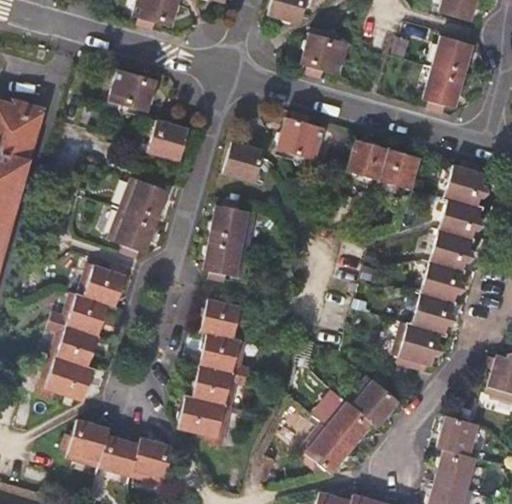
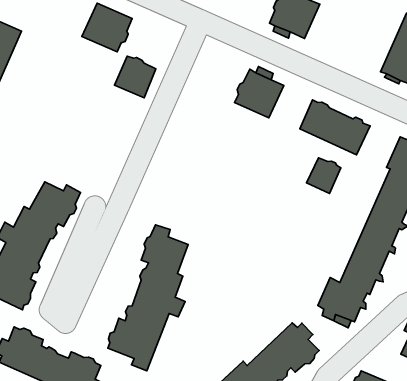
building: [223,141,264,182] -> none
building: [107,176,169,258] -> none
building: none -> [306,158,341,194]
building: [202,200,255,281] -> none

